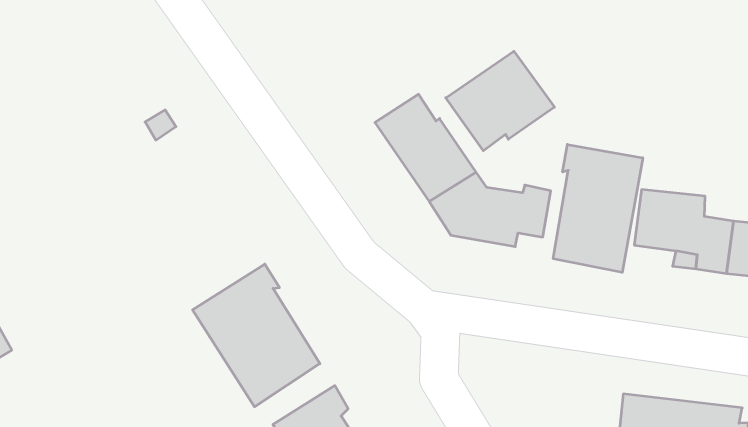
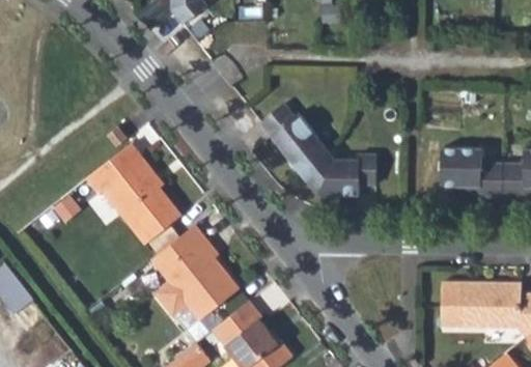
building: [446,51,554,151] -> none
building: none -> [89,143,184,244]
building: [553,144,643,272] -> none

